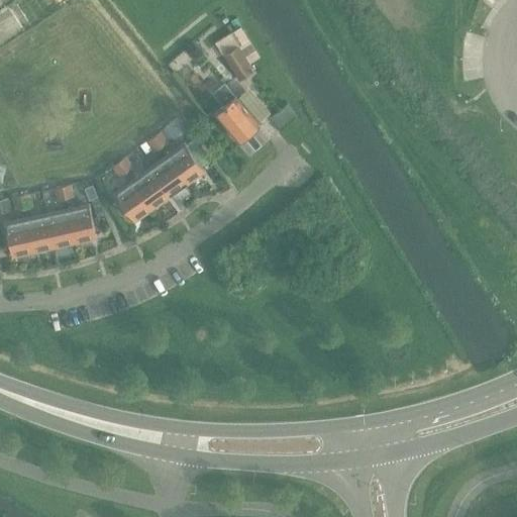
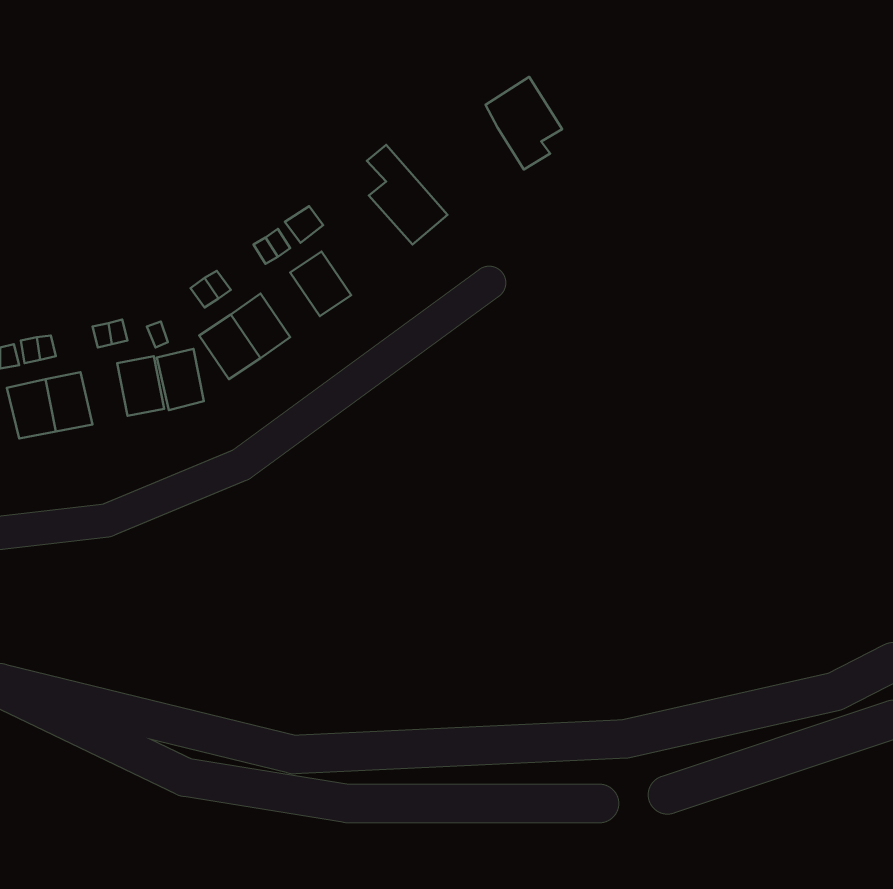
building: [215,28,260,82] -> [485,77,562,169]
building: [150,160,185,197] -> none
building: [46,212,74,247] -> [157,349,204,410]

